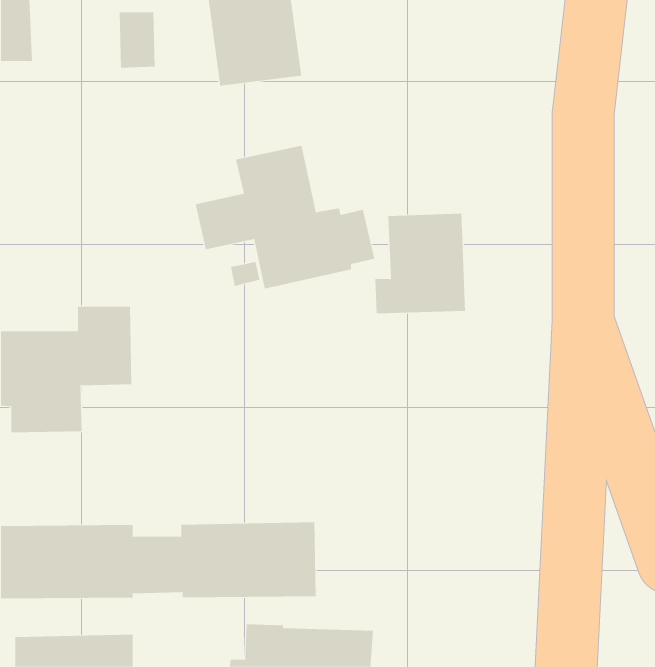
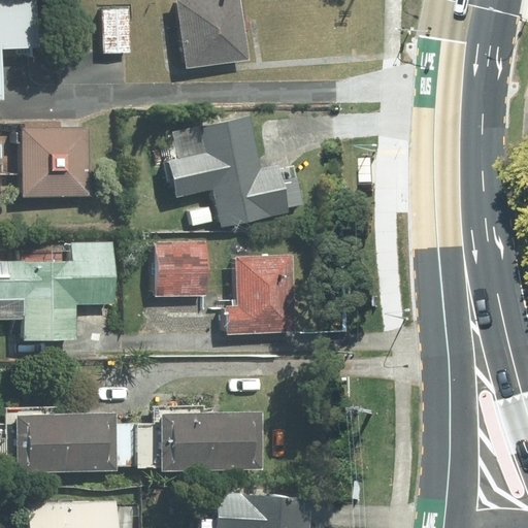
building: none -> [18,126,90,198]
building: [374,213,466,314] -> [223,255,295,334]
building: none -> [153,241,207,295]

